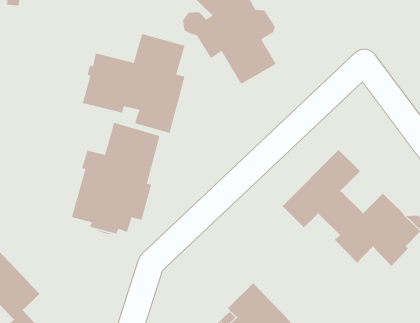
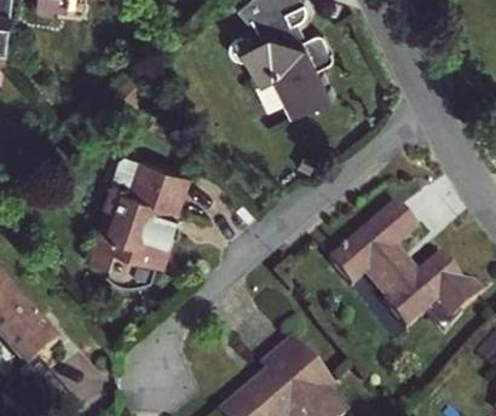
building: [82,33,186,134] -> none

